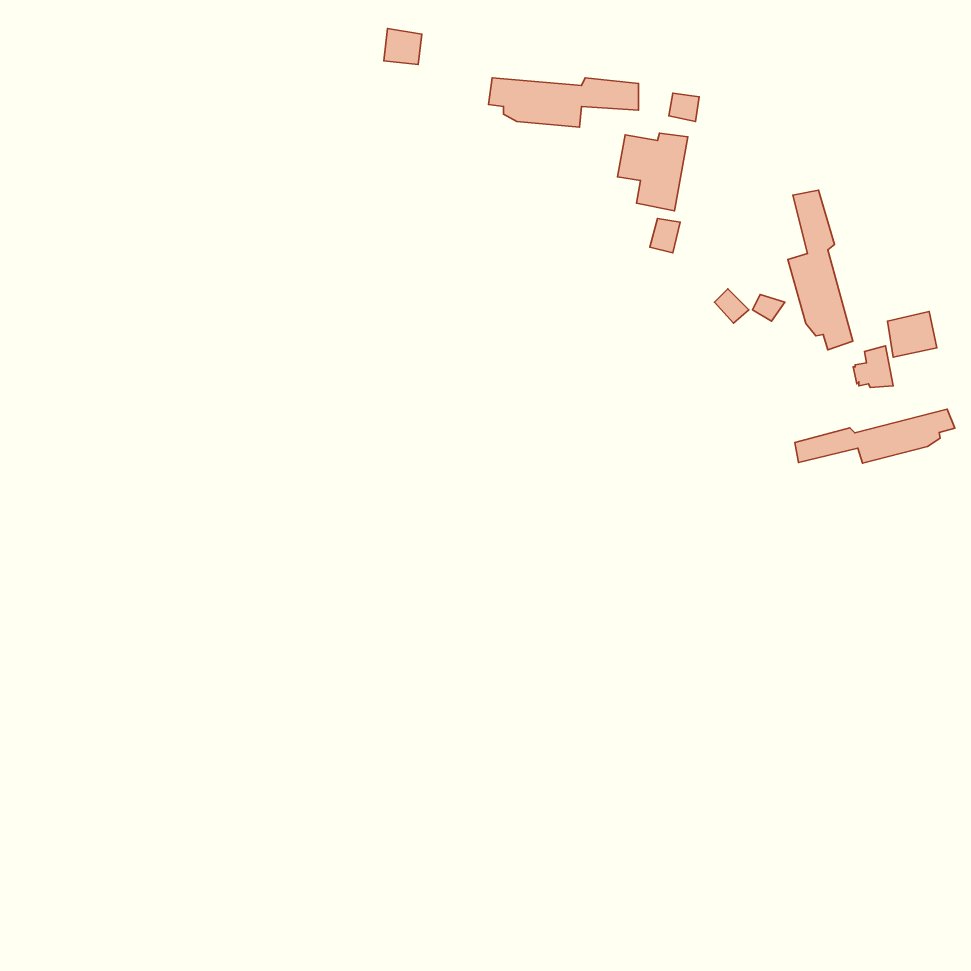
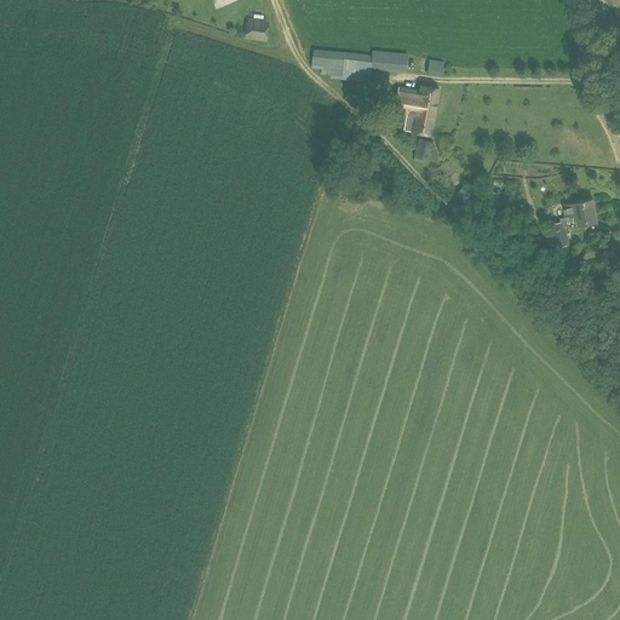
building: [788,190,853,350] -> none
building: [795,409,955,463] -> none

